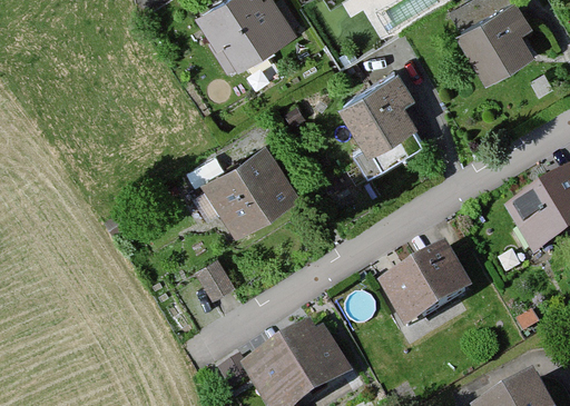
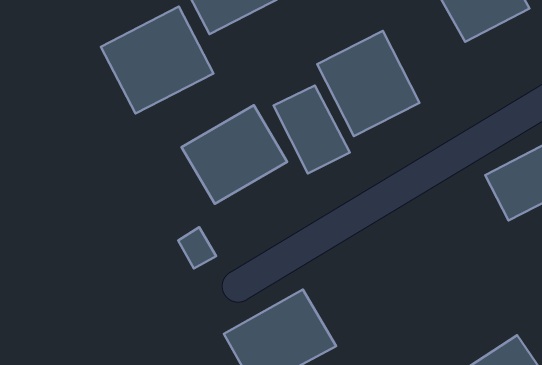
building: none -> [101,7,213,114]
building: none -> [273,86,350,173]
building: [379,250,473,335] -> none

